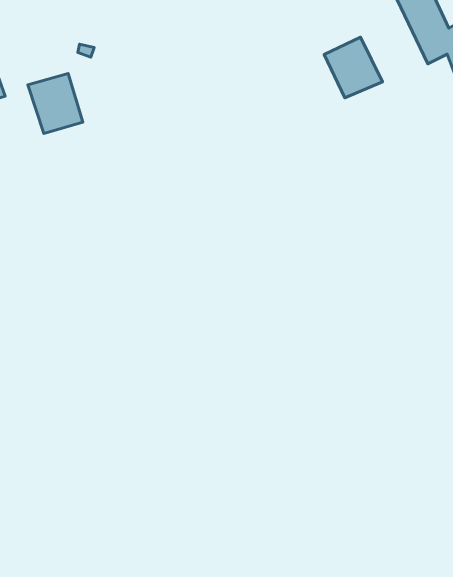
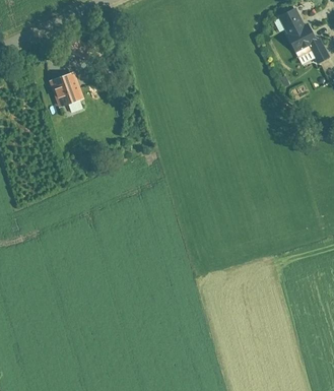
building: [324,37,383,98] -> none

